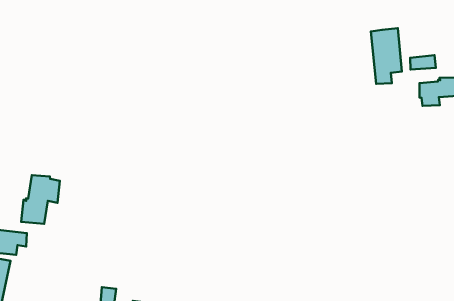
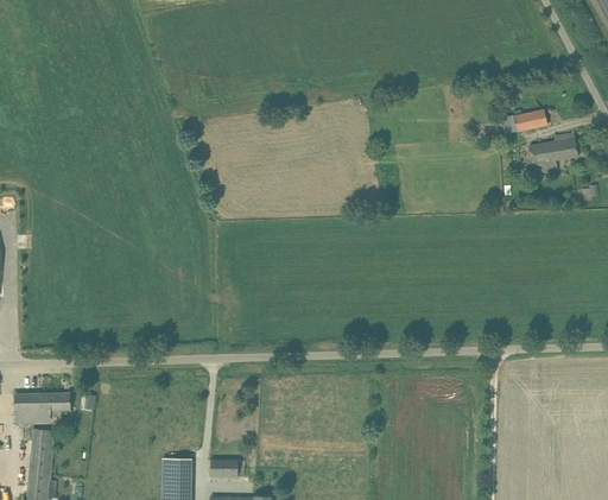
building: [371,28,402,84] -> none
building: [21,175,60,224] -> none

